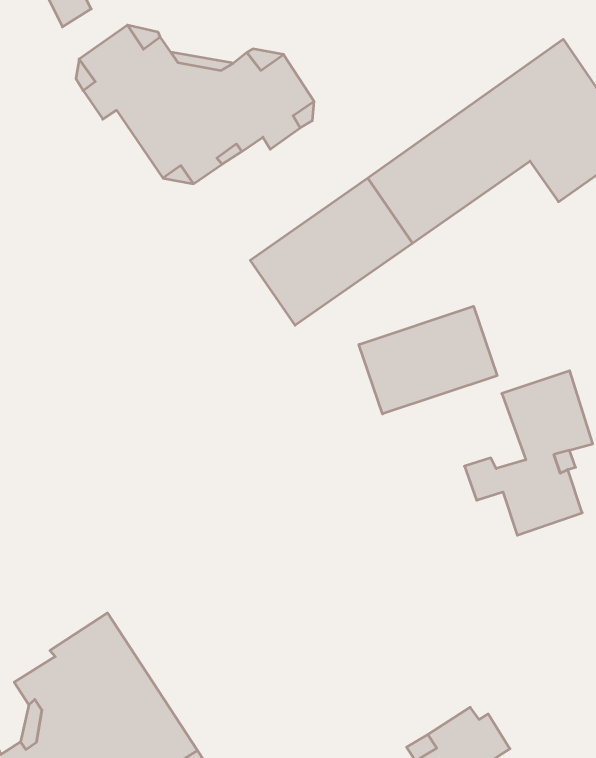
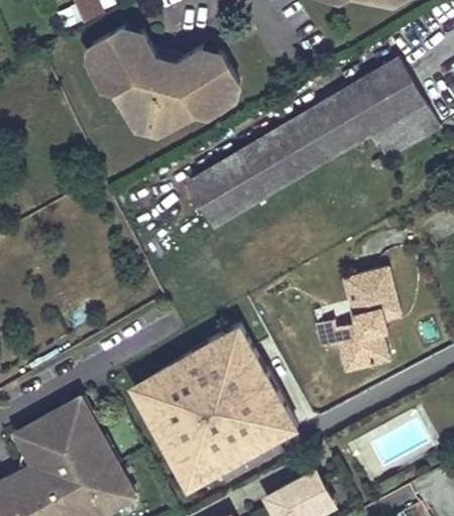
building: [359,306,497,414] -> none
building: none -> [133,324,295,484]

